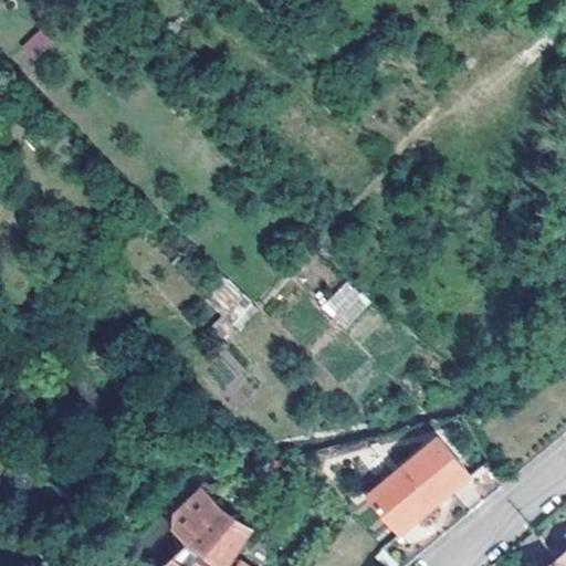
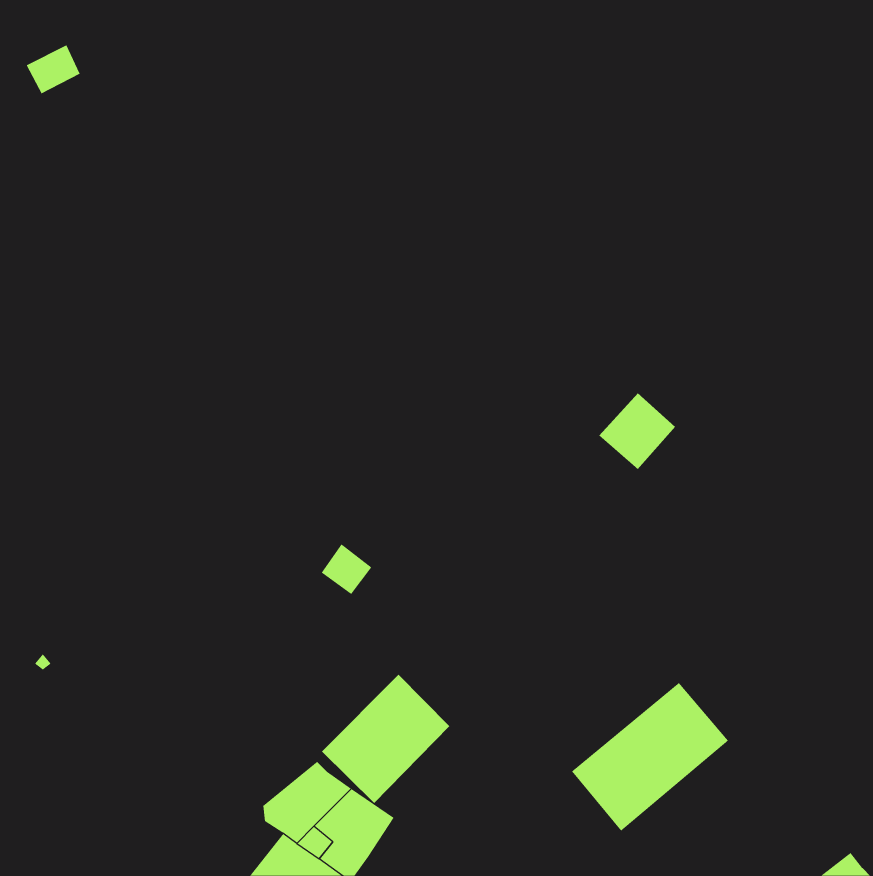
building: [318,280,368,329] -> [599,393,676,470]
building: none -> [321,674,450,804]

